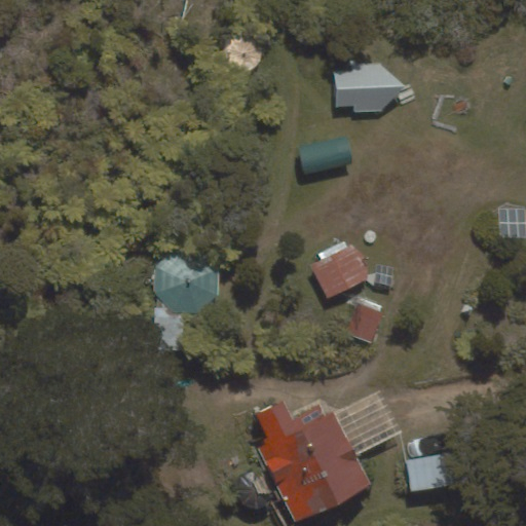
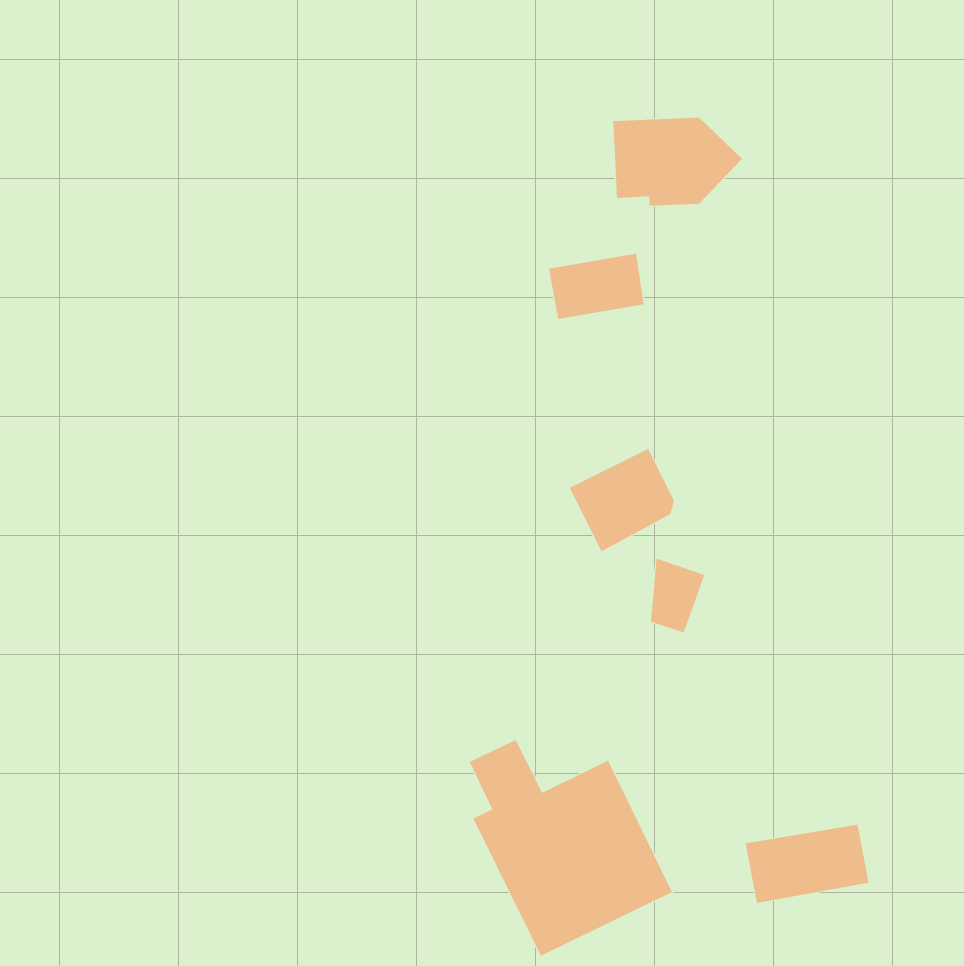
building: [152,249,219,315] -> none

